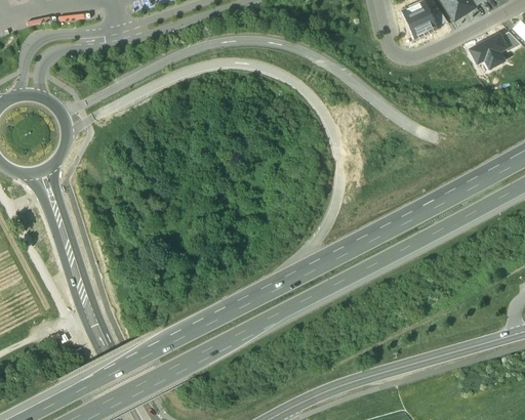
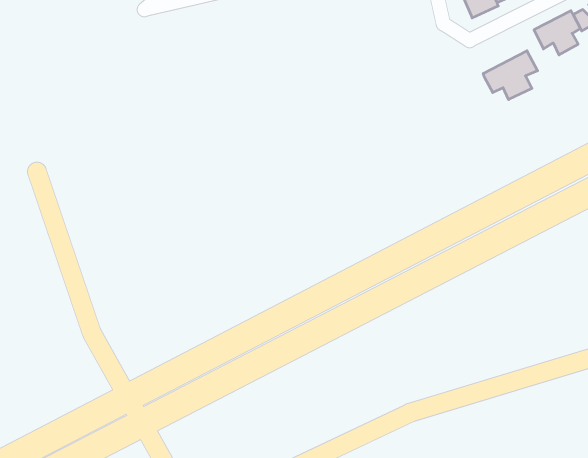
building: none -> [483,51,538,100]

